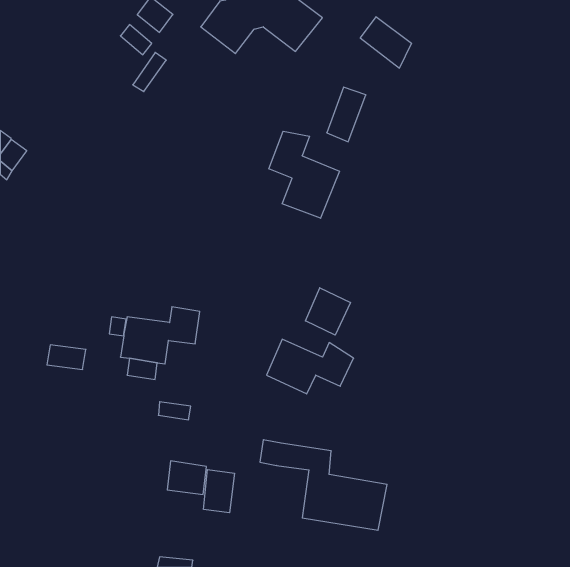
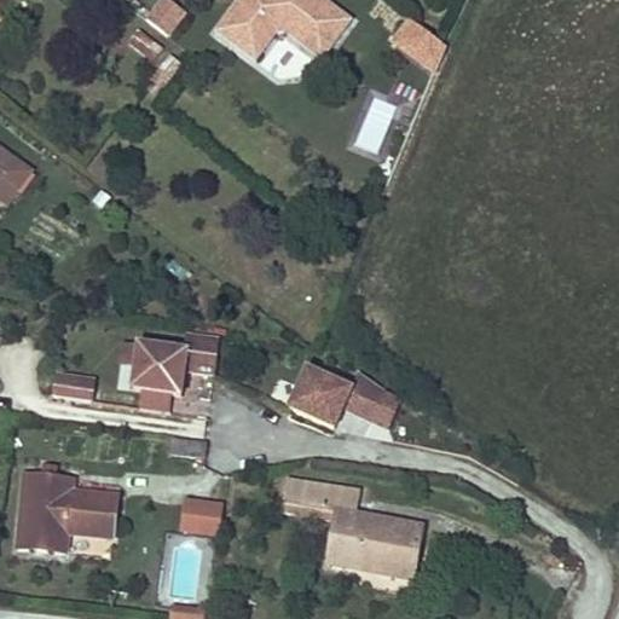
building: [269,131,340,218] -> none
building: [305,288,350,335] -> none
building: none -> [15,472,115,550]
building: [204,470,234,513] -> none

